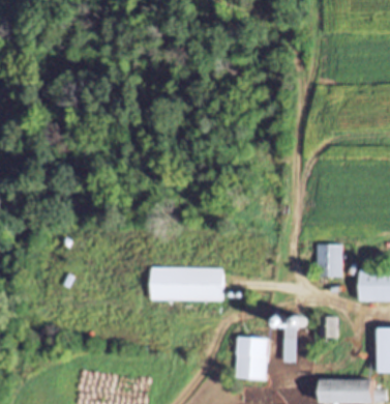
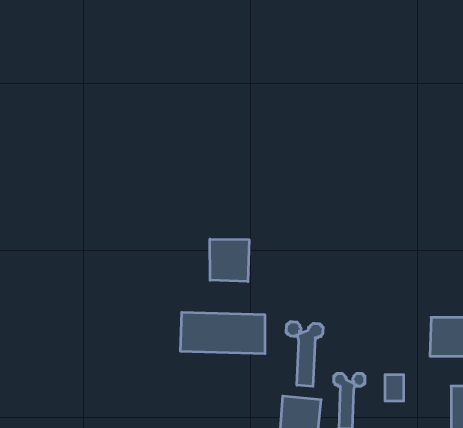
building: none -> [210,239,249,282]
building: [317,243,342,277] -> none
building: none -> [286,322,323,386]

